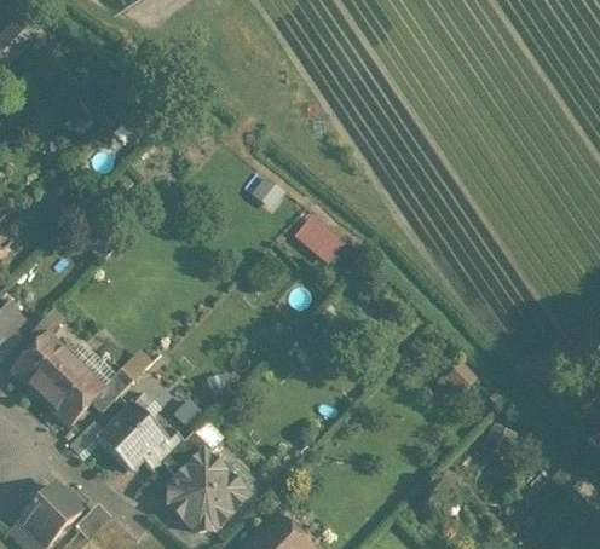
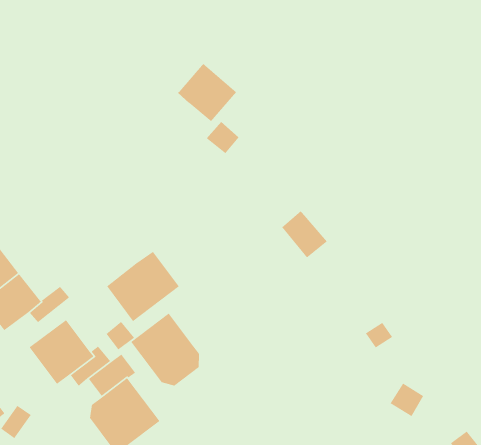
building: none -> [177,63,237,122]
building: [295,212,346,261] -> [281,210,328,258]
building: none -> [106,251,180,322]
building: none -> [130,313,200,386]

